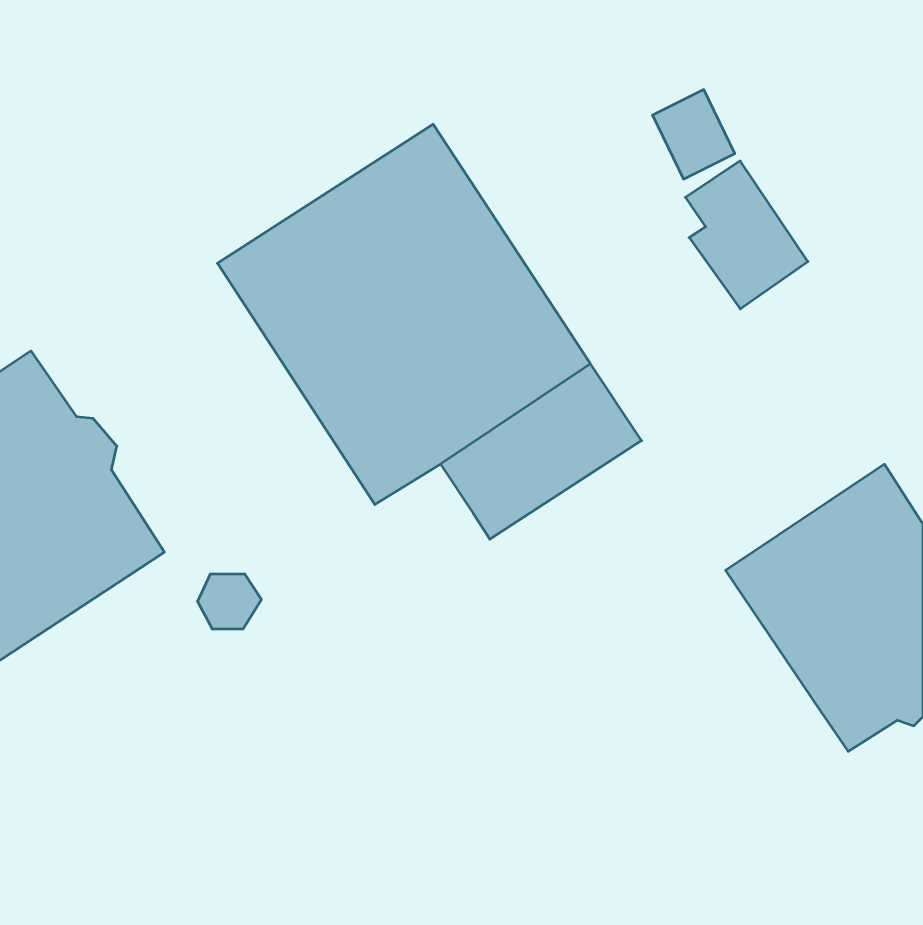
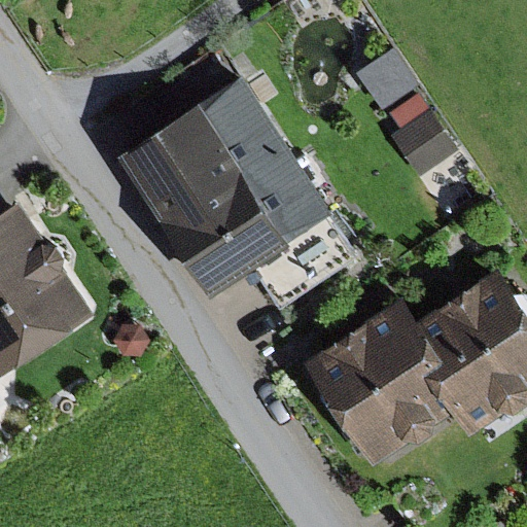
building: none -> [305,304,462,464]

